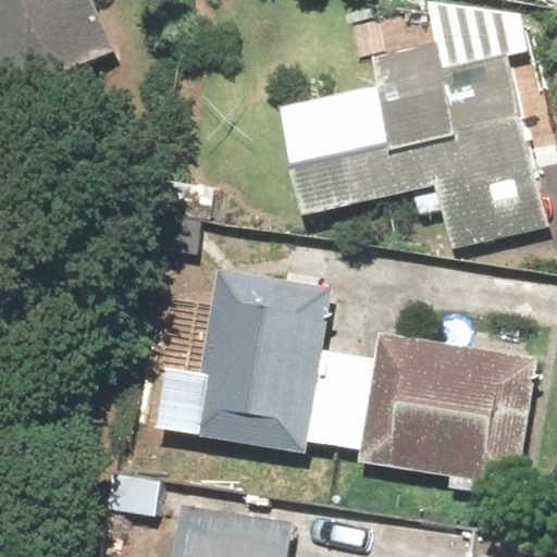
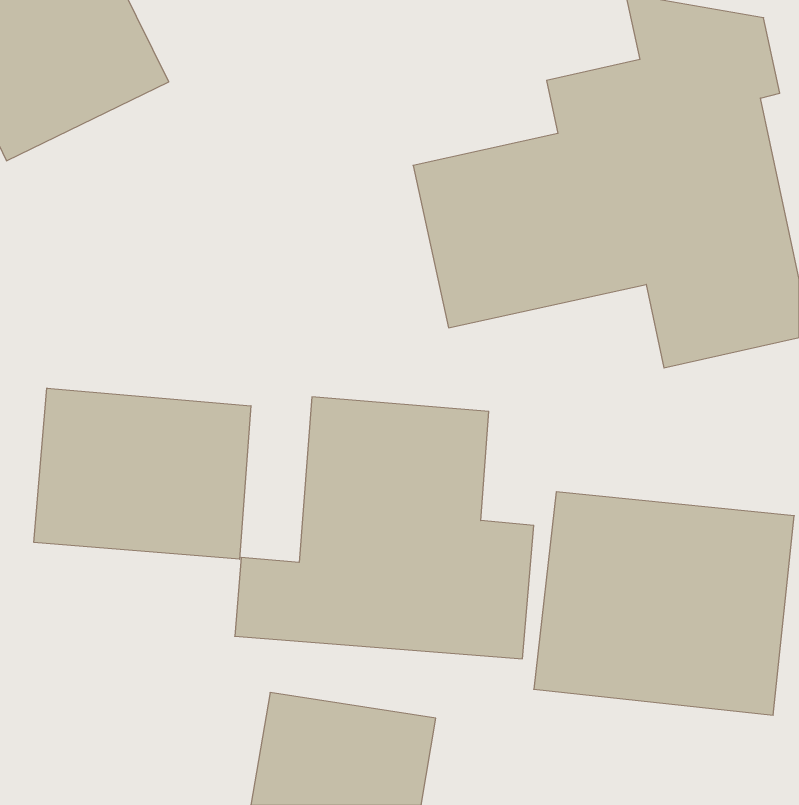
building: none -> [34,388,251,559]

